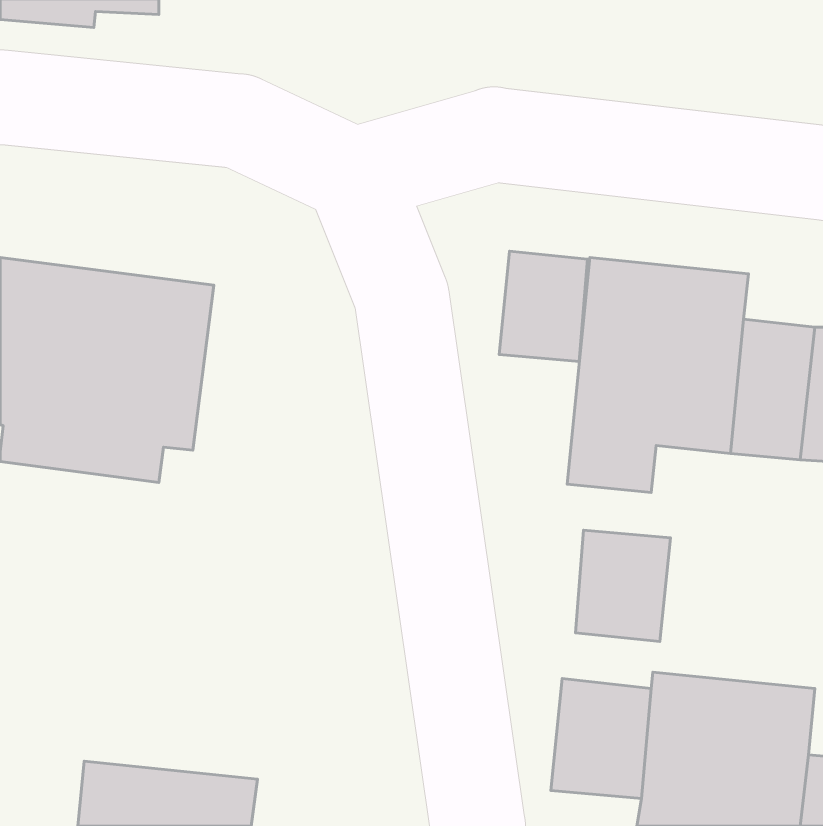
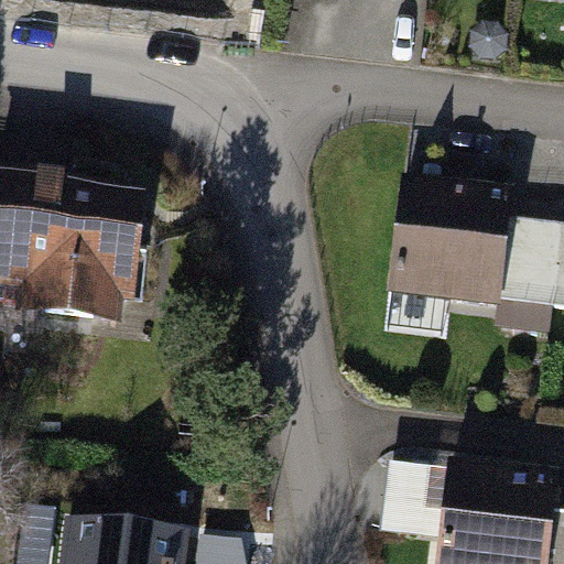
building: [499,251,588,361] -> none
building: [575,530,670,642] -> none

